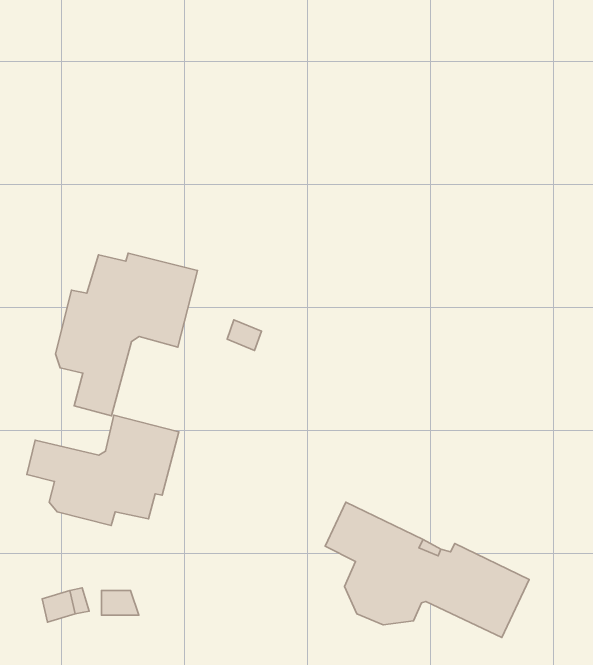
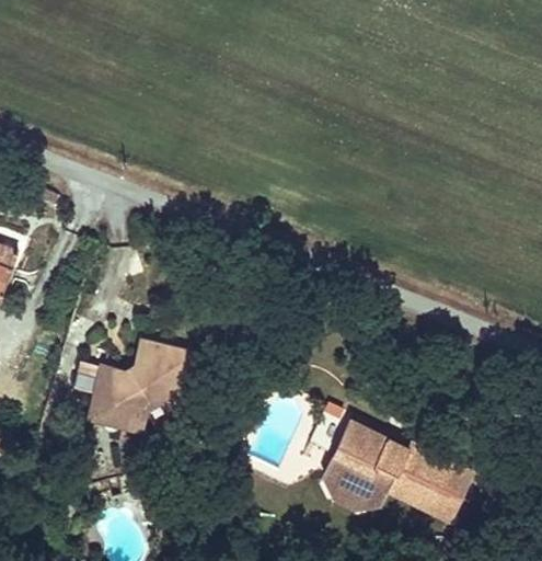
building: [55,253,197,416] -> none

